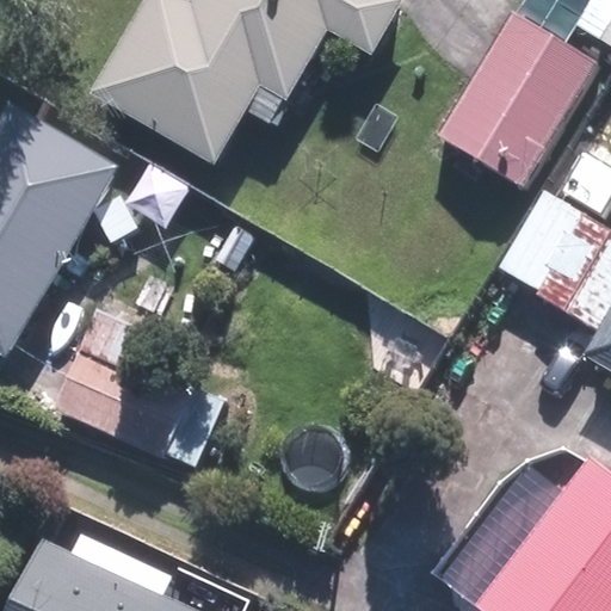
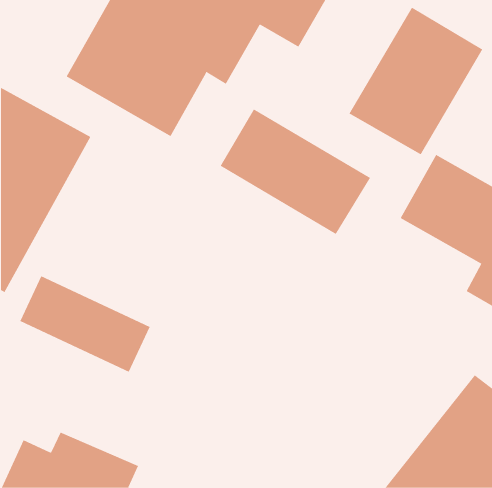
building: none -> [220,108,371,235]

